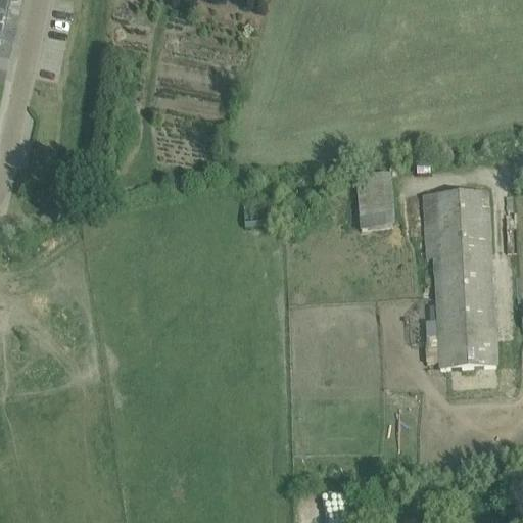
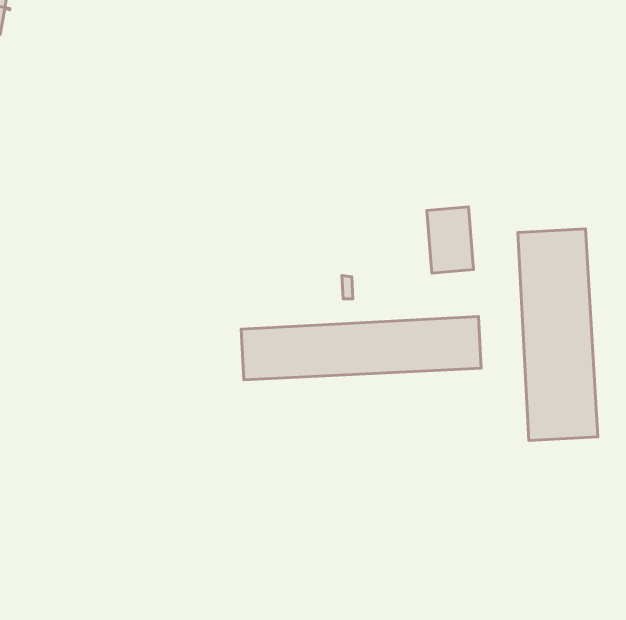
building: none -> [241,316,481,380]

